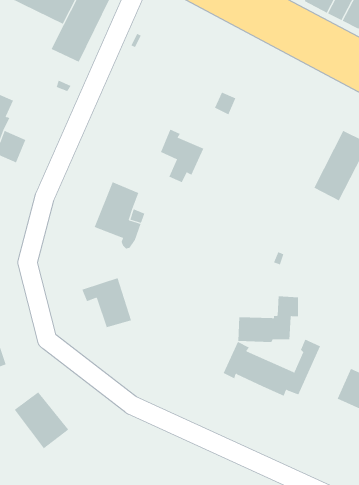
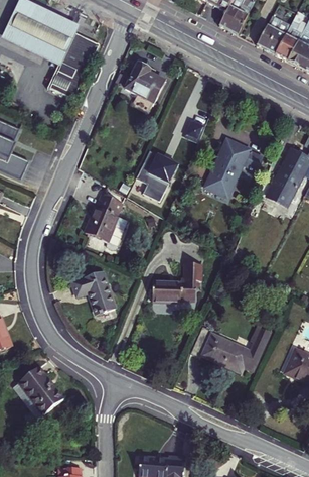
building: none -> [125,62,164,101]
building: none -> [203,143,260,202]
building: [237,296,299,342] -> [151,263,201,302]

